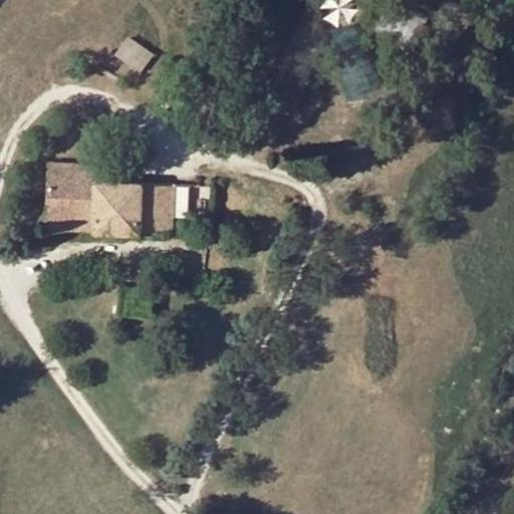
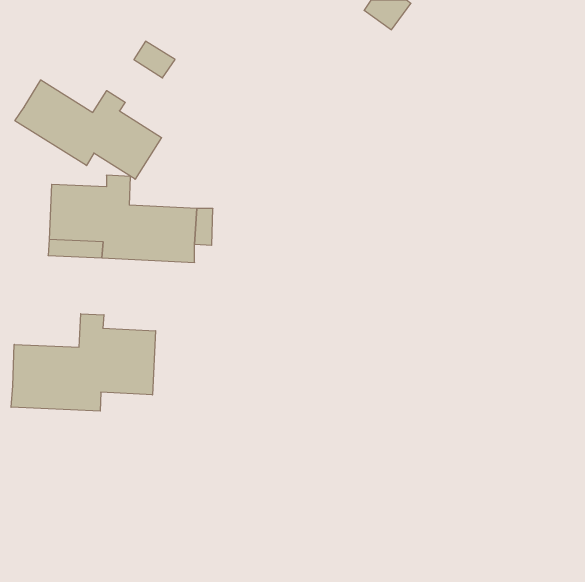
building: none -> [15,80,162,179]
building: none -> [11,314,156,411]

